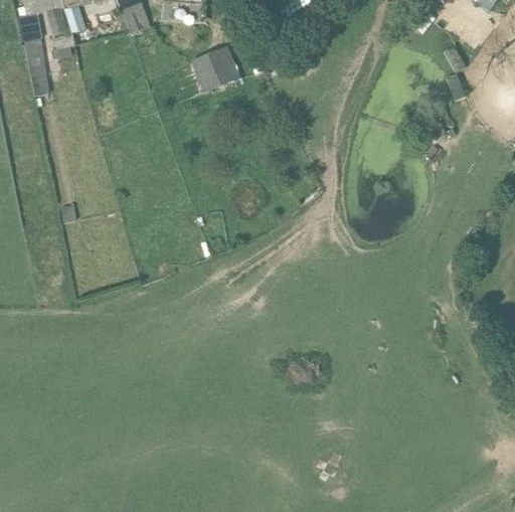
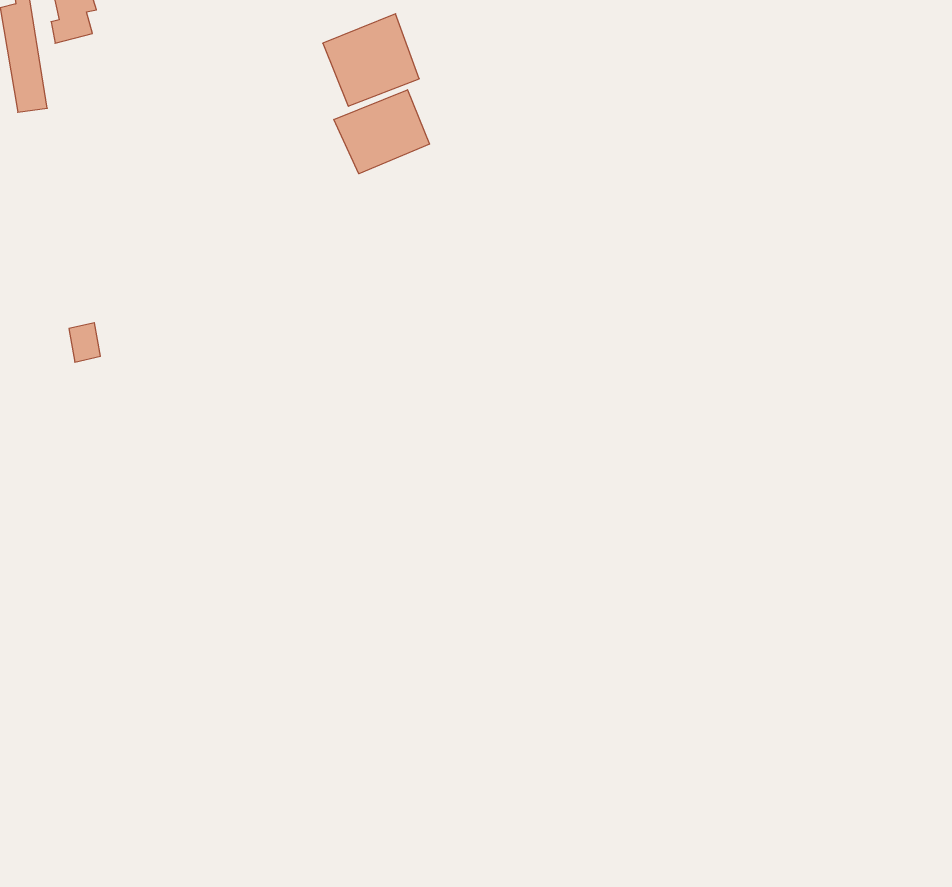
building: none -> [334,90,429,174]

